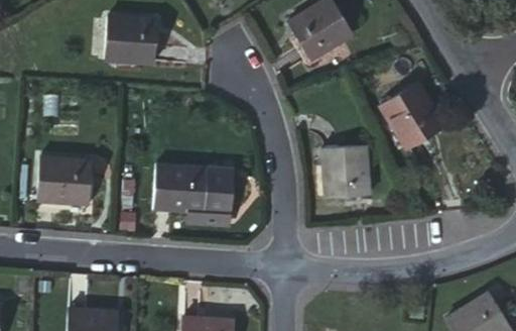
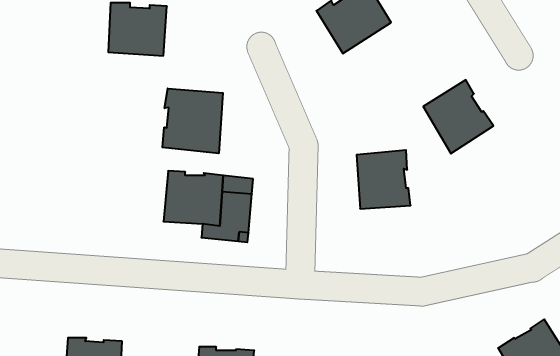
building: none -> [162,88,223,153]
building: [37,155,97,213] -> none

